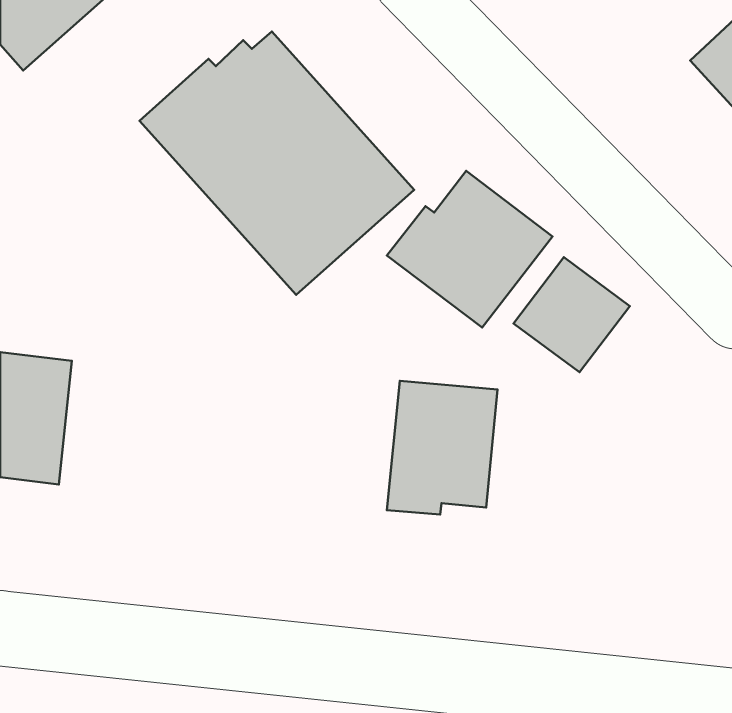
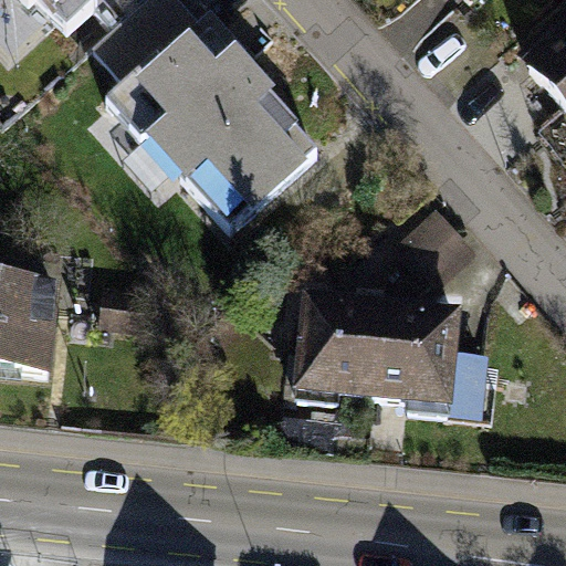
building: [387,171,552,328] -> none
building: none -> [376,300,485,410]

